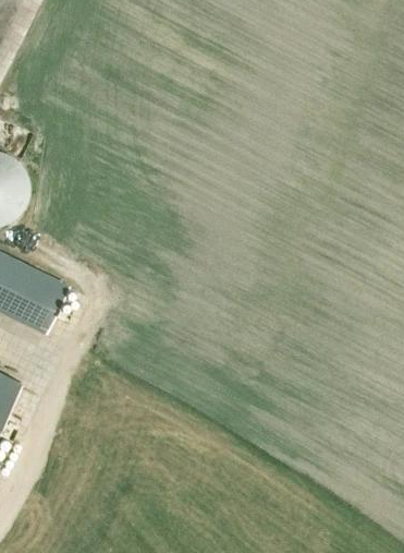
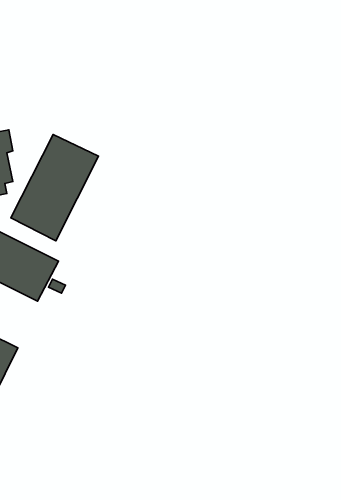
building: none -> [11,134,98,241]

